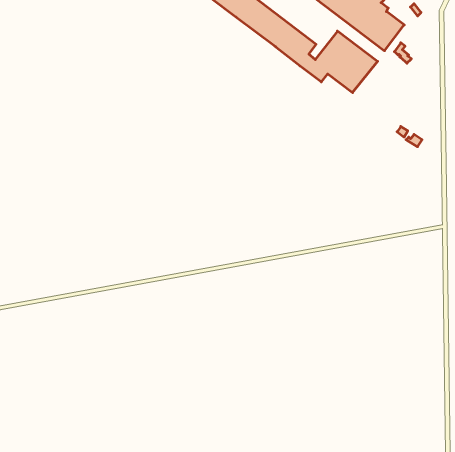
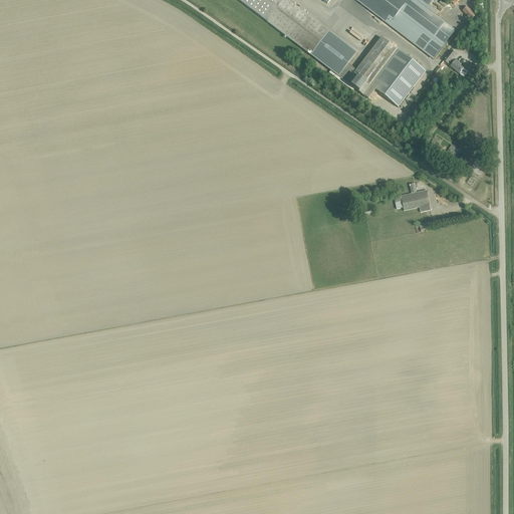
building: none -> [395,189,431,210]

